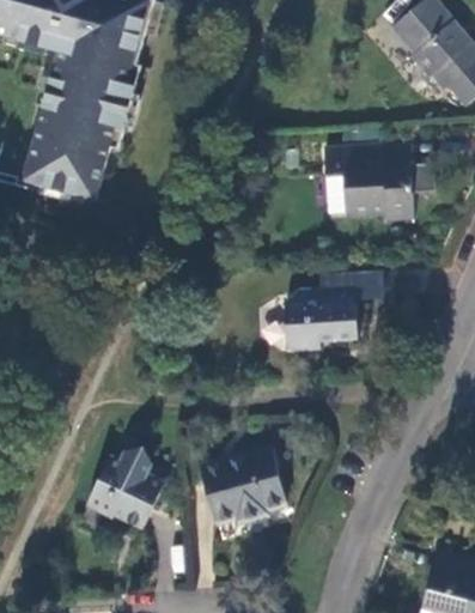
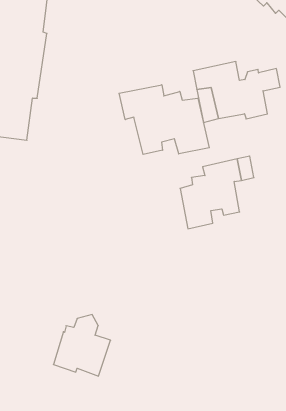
building: none -> [119,85,209,154]
building: [200,444,287,524] -> none

